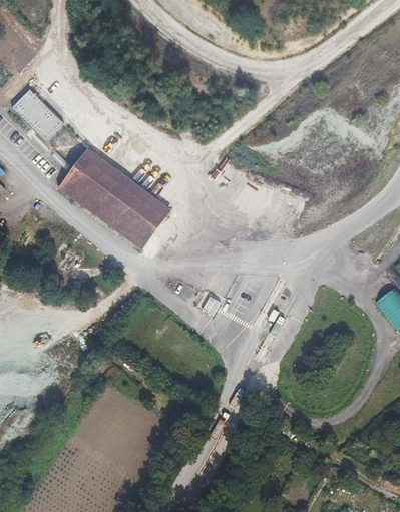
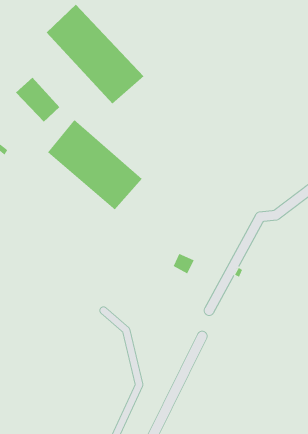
building: none -> [46,4,144,104]

